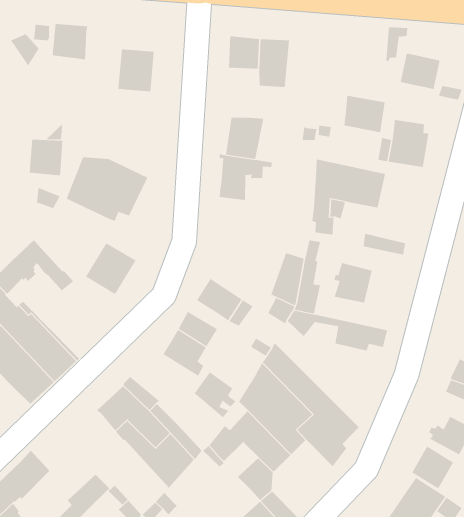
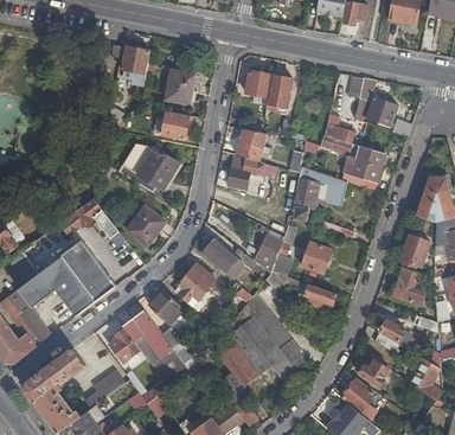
building: [29,139,63,176] -> [161,111,188,140]
building: [194,371,236,418] -> [149,289,179,324]
building: none -> [109,327,140,362]

